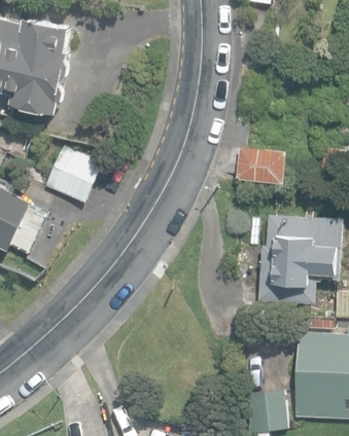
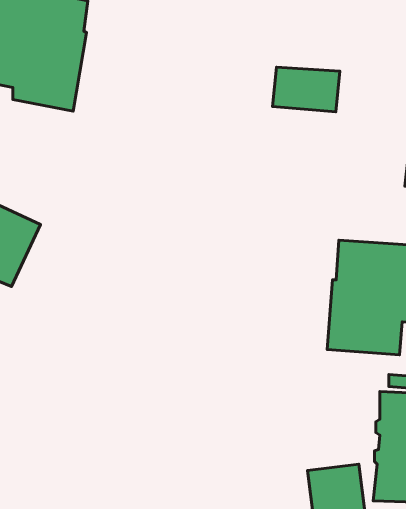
building: [45,147,101,202] -> none
building: [235,147,287,182] -> [273,67,340,112]

